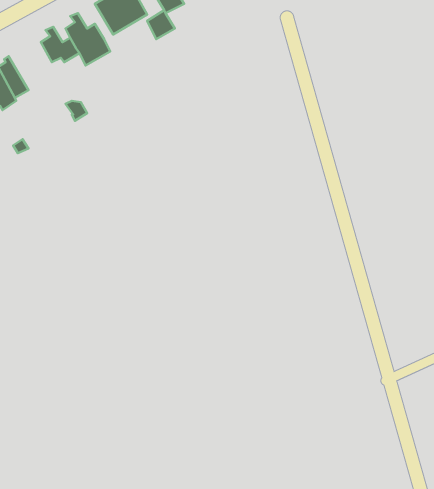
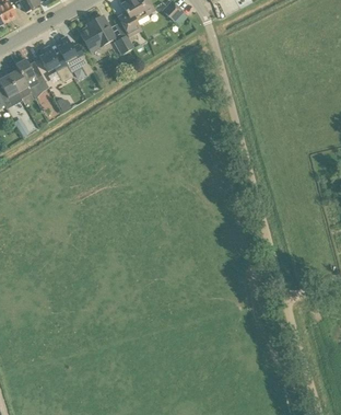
building: none -> [15,58,48,97]

